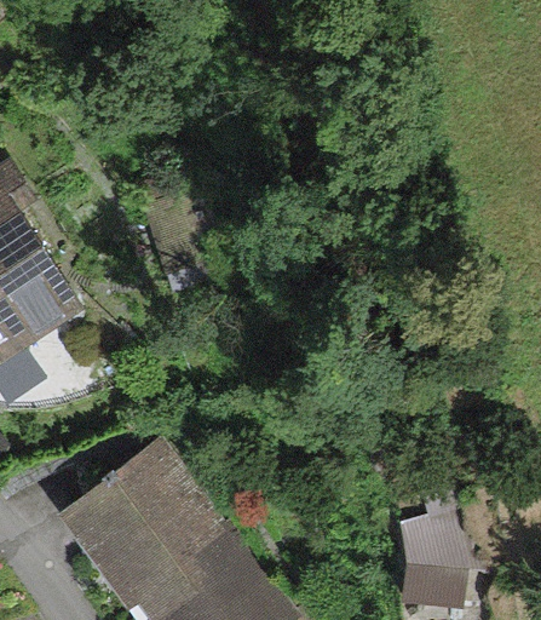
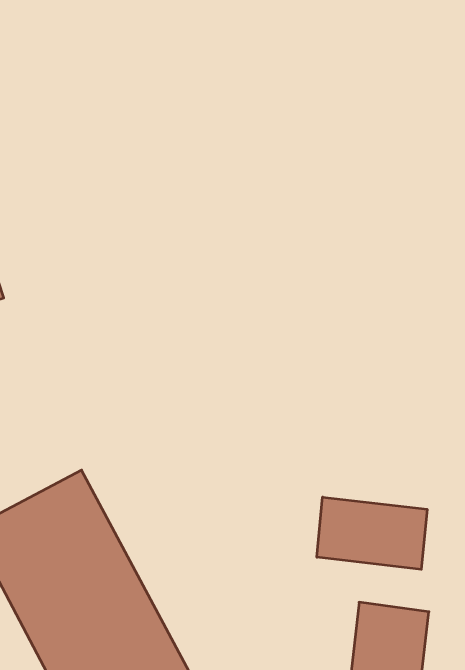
building: none -> [317,497,427,569]

